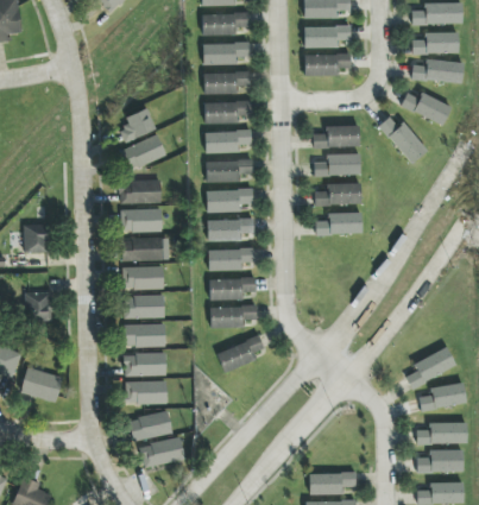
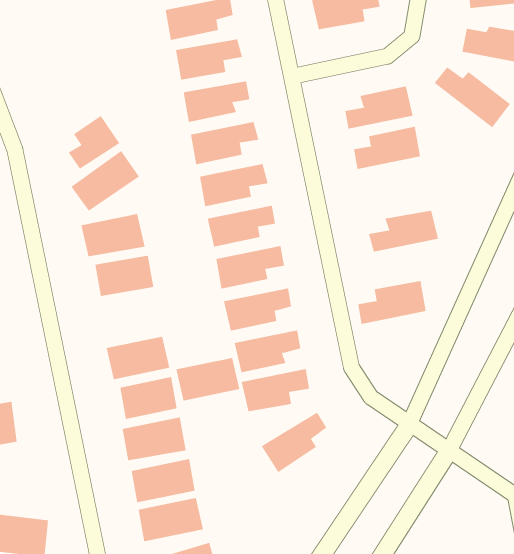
building: [315,183,361,206] -> [357,281,427,324]
building: [122,238,164,261] -> [176,357,240,401]

